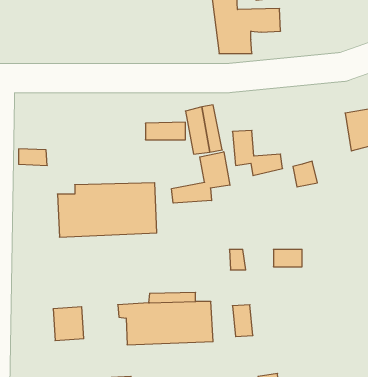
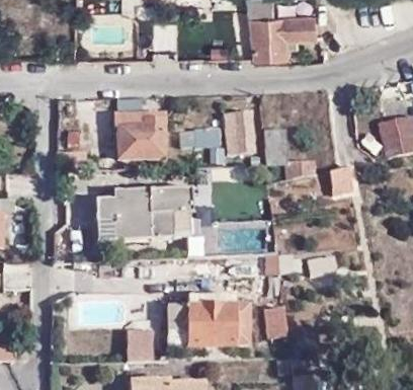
building: none -> [111,111,166,158]
building: [172,152,230,203] -> none
building: [53,307,84,341] -> [127,324,157,358]

